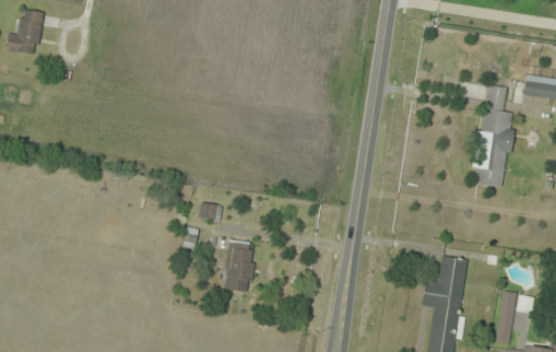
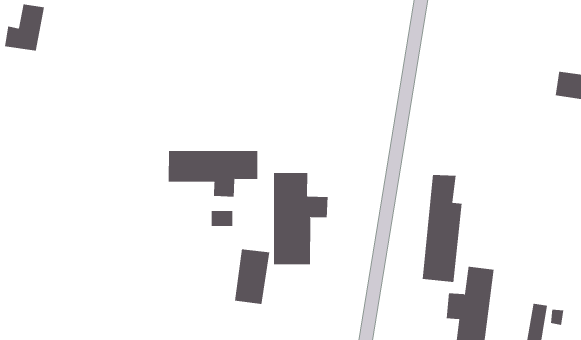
building: [474,86,512,188] -> [422,174,462,282]
building: none -> [168,150,258,197]
building: none -> [273,172,328,265]

